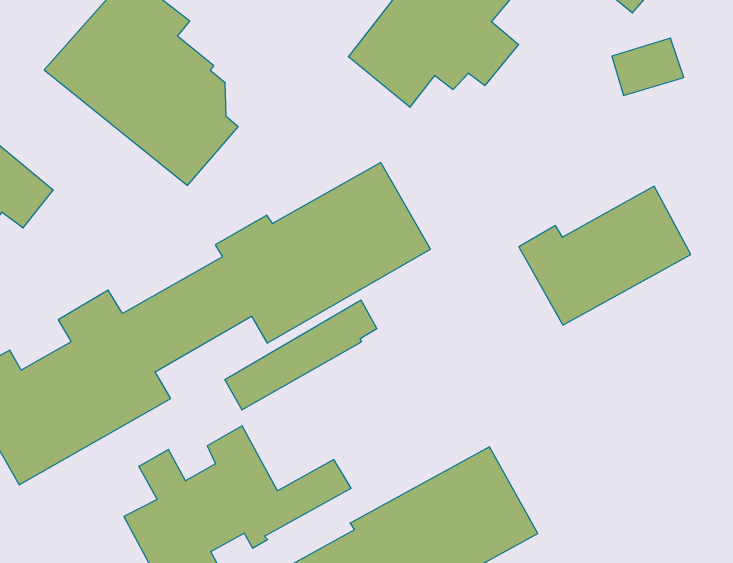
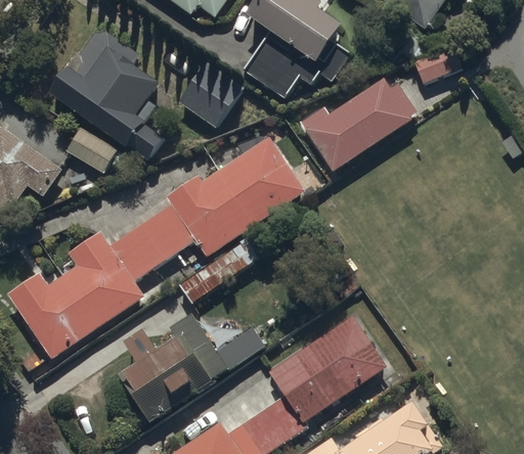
building: none -> [166,53,244,117]
building: none -> [64,128,134,175]
building: [519,186,691,325] -> [298,75,408,168]

